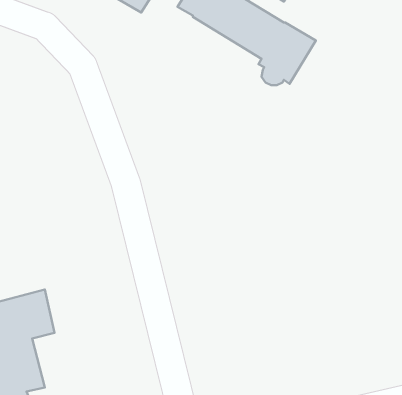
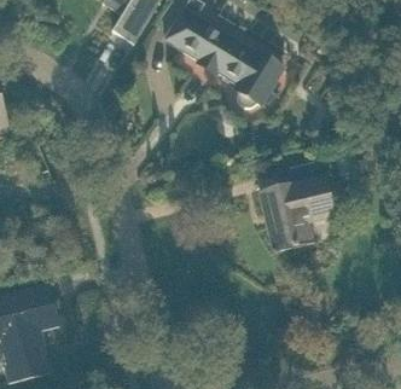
building: none -> [262,163,336,252]

